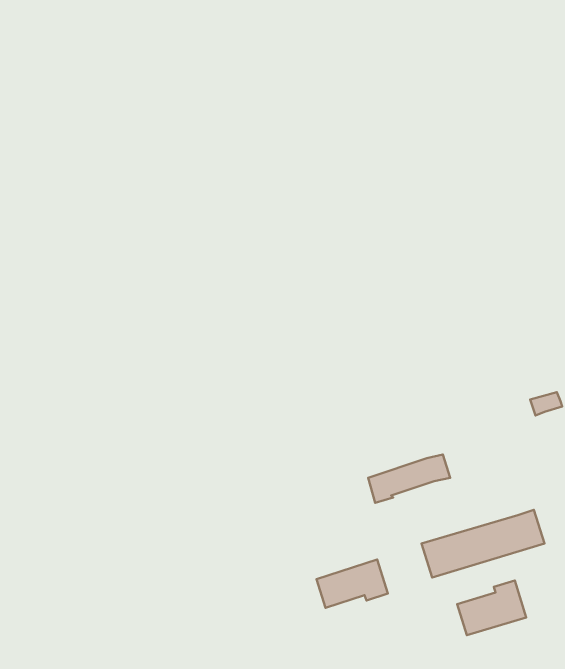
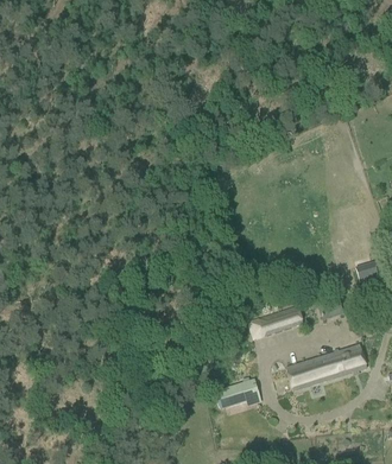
building: [457,581,526,635] -> none

